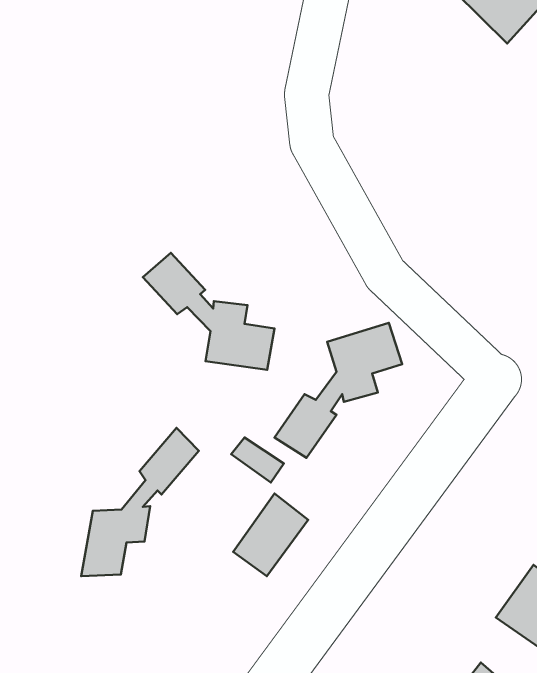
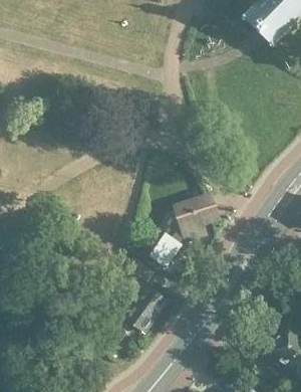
building: [143,253,275,370] -> none
building: [81,428,199,576] -> none

